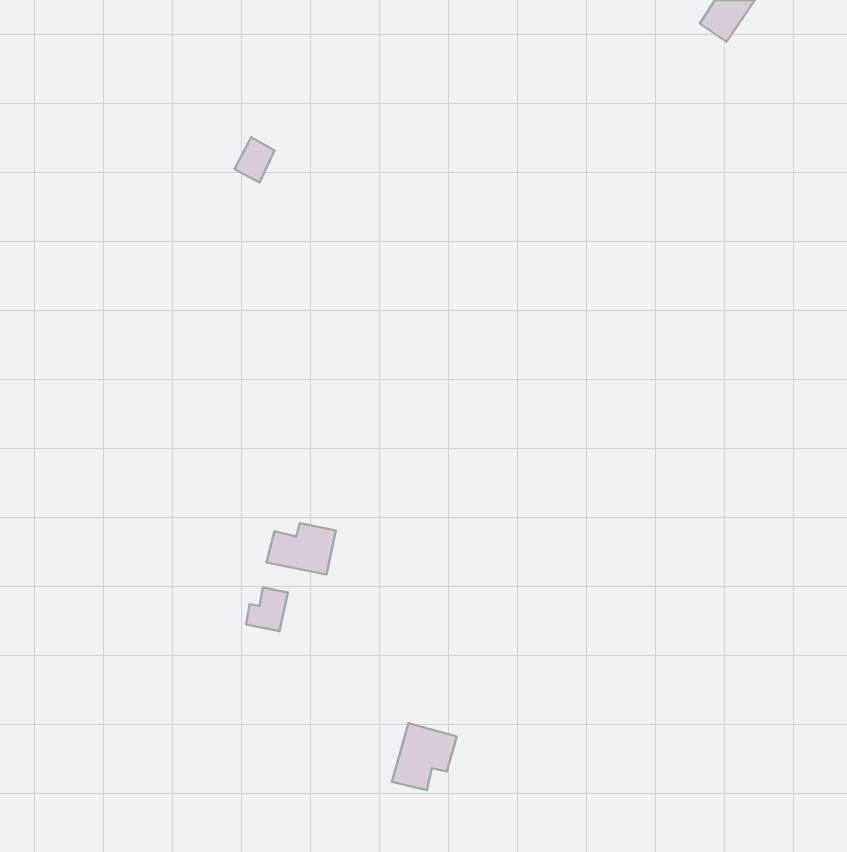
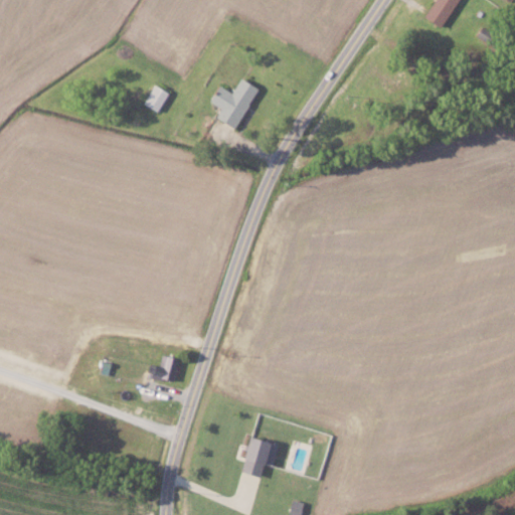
building: none -> [211,78,259,129]
building: [266,523,336,574] -> none

